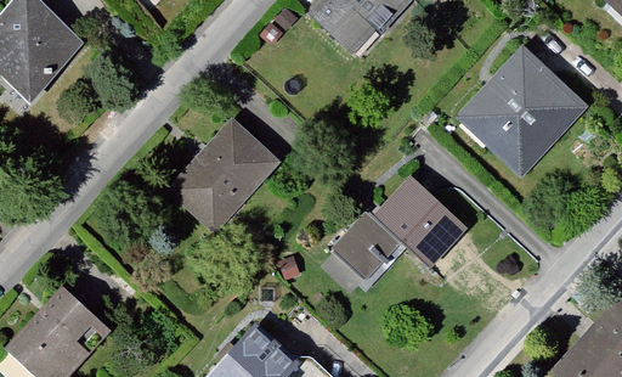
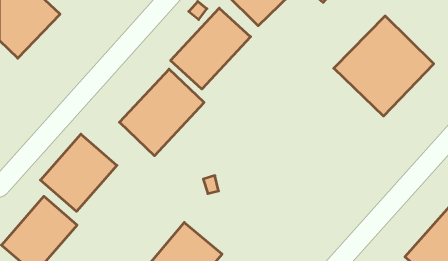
building: none -> [171,8,251,89]
building: [328,181,464,282] -> none
building: none -> [40,134,117,211]

